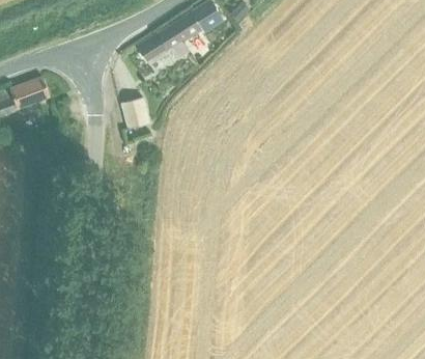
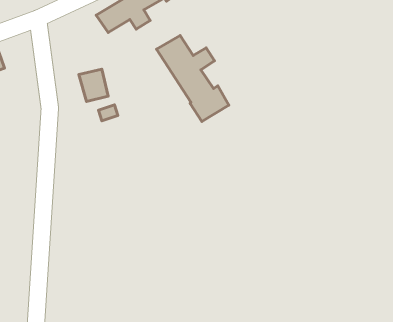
building: none -> [156,35,229,122]

